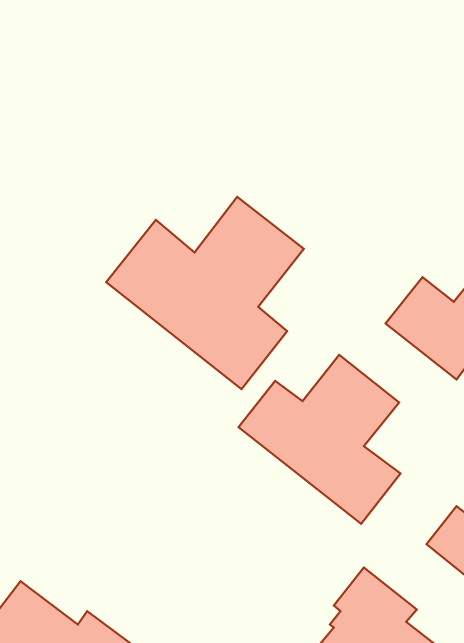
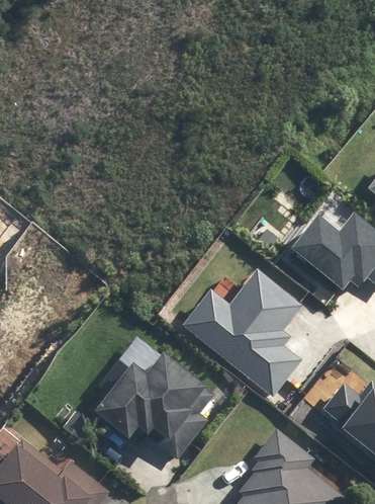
building: [106,197,304,389] -> none
building: none -> [92,357,210,452]

